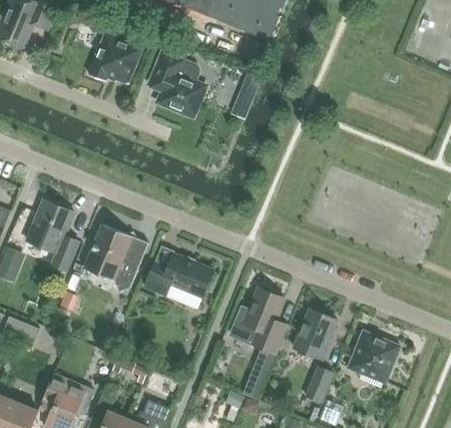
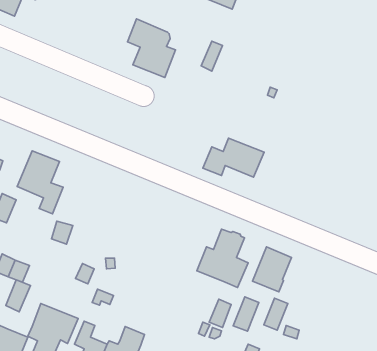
building: [87,34,137,83] -> none
building: [82,227,147,293] -> none
building: [143,254,212,298] -> [203,138,264,177]
building: [347,331,399,384] -> none
building: none -> [6,280,30,312]
building: none -> [233,297,259,331]

